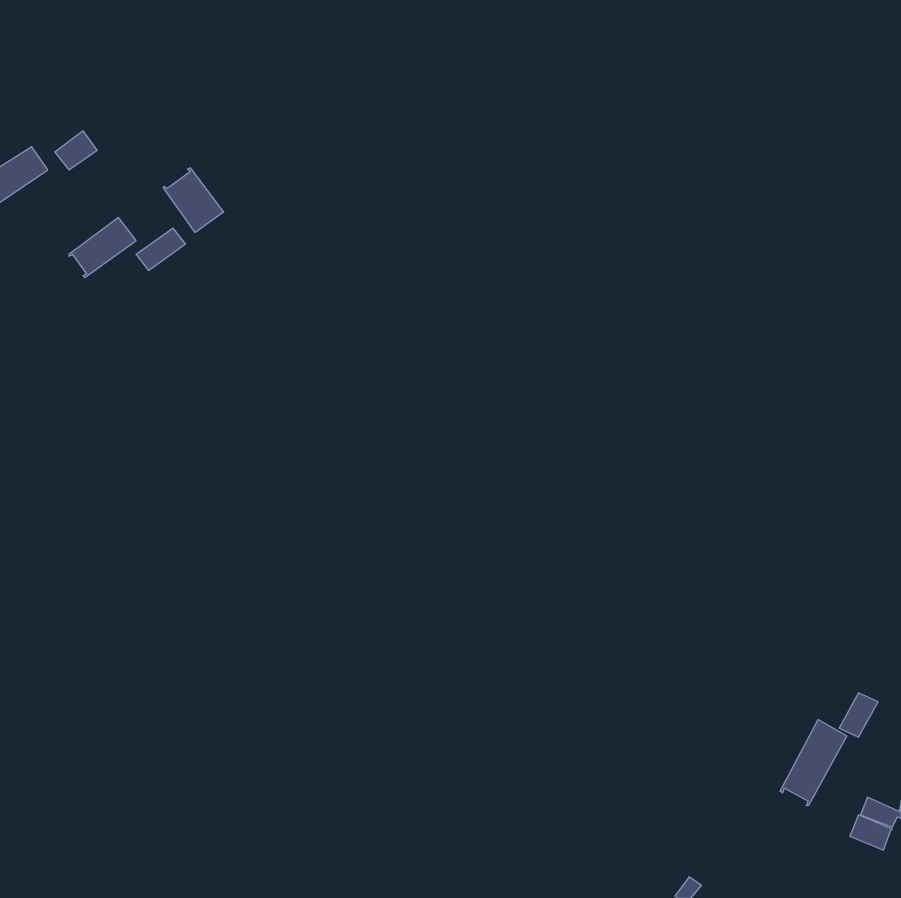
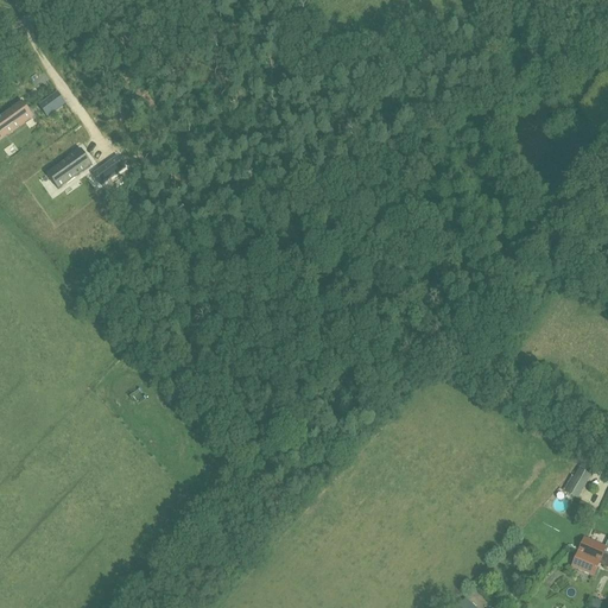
building: [163,168,224,232] -> none
building: [780,720,847,806] -> none

